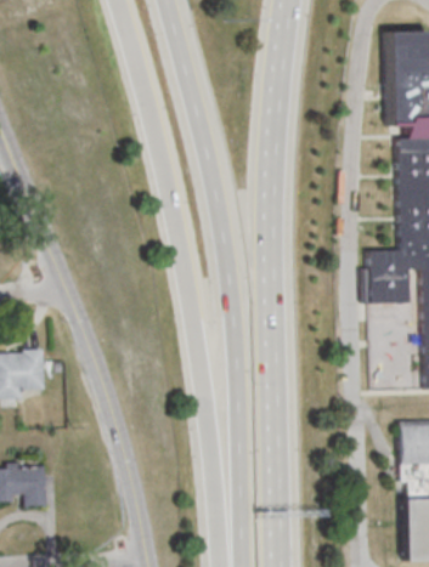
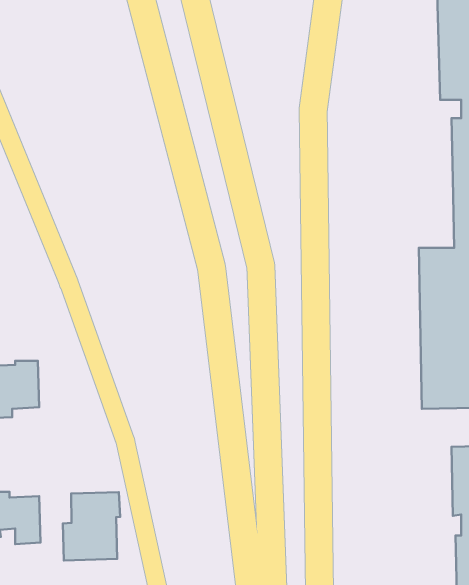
building: none -> [63,492,120,561]

